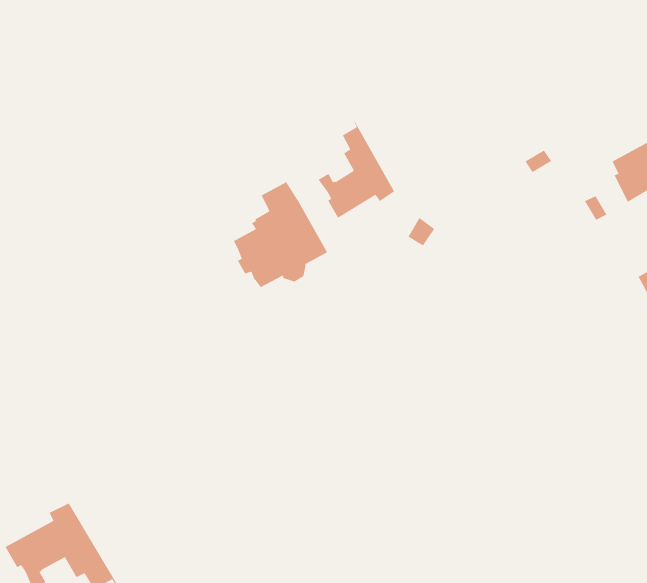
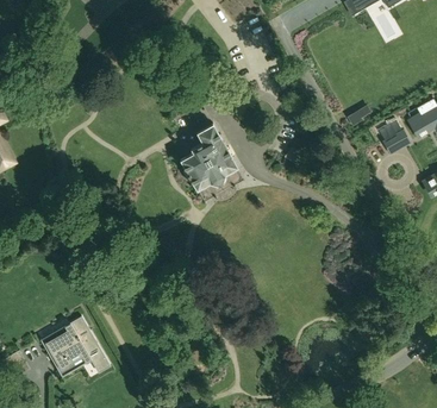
building: [318,121,396,224] -> none

